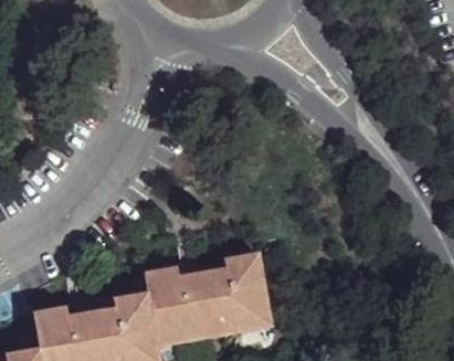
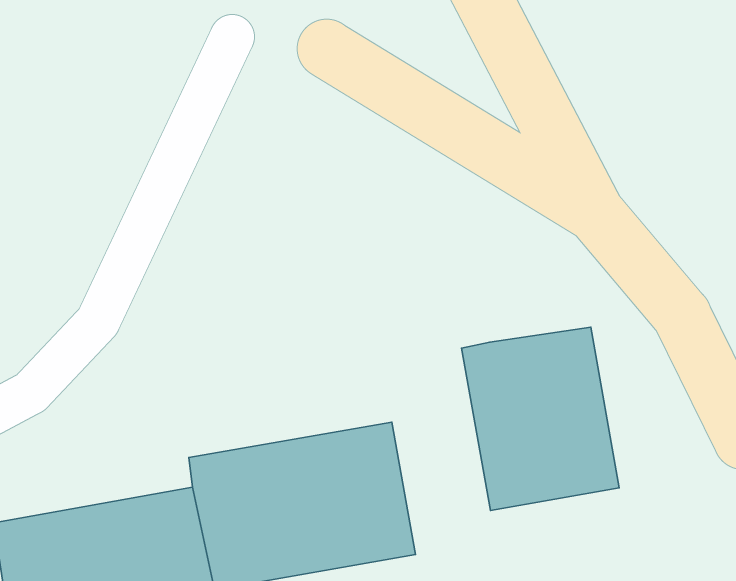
building: none -> [461,327,619,510]

